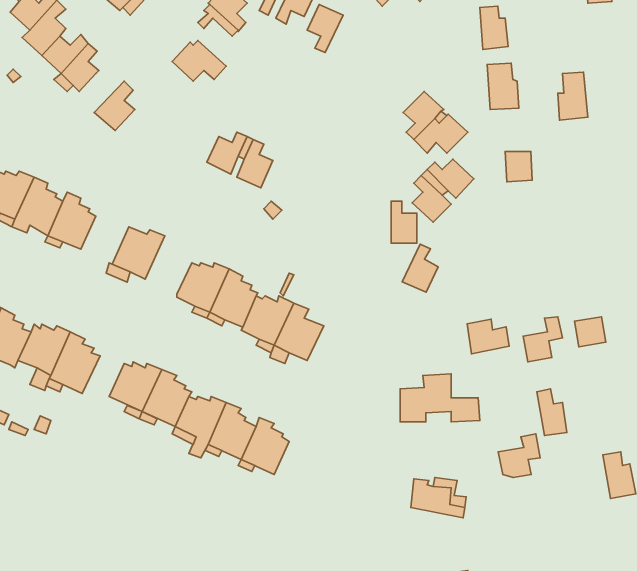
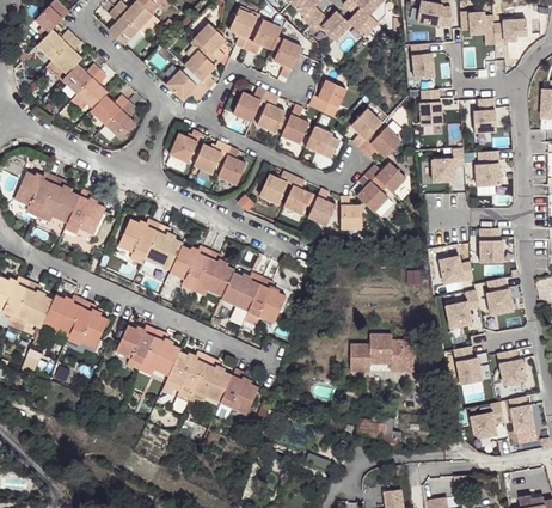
building: none -> [184,50,215,88]
building: none -> [308,79,345,117]
building: none -> [233,87,265,122]
building: none -> [257,93,286,134]
building: none -> [90,94,128,126]
building: none -> [281,104,309,143]
building: none -> [305,127,338,159]
building: none -> [170,130,201,163]
building: none -> [473,148,501,184]
building: none -> [259,171,292,204]
building: none -> [283,177,312,215]
building: none -> [145,224,183,270]
building: none -> [479,226,502,261]
building: [402,244,438,292] -> [307,188,336,226]
building: [467,319,509,354] -> [438,255,472,282]
building: none -> [496,349,525,382]
building: [498,434,540,477] -> [468,400,502,435]

